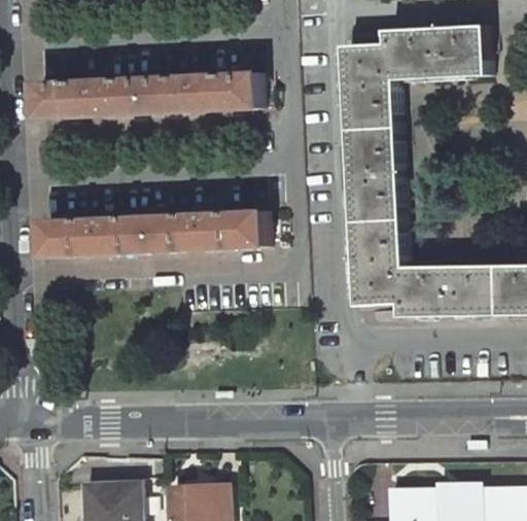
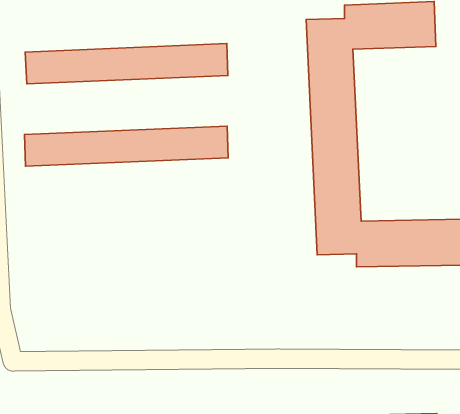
building: [37,211,261,255] -> [24,126,228,166]

